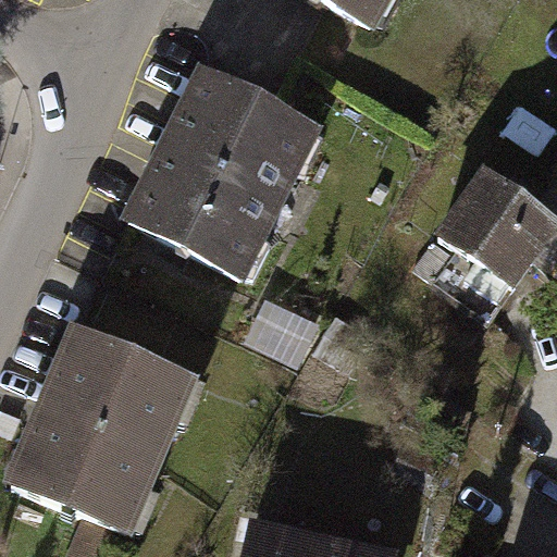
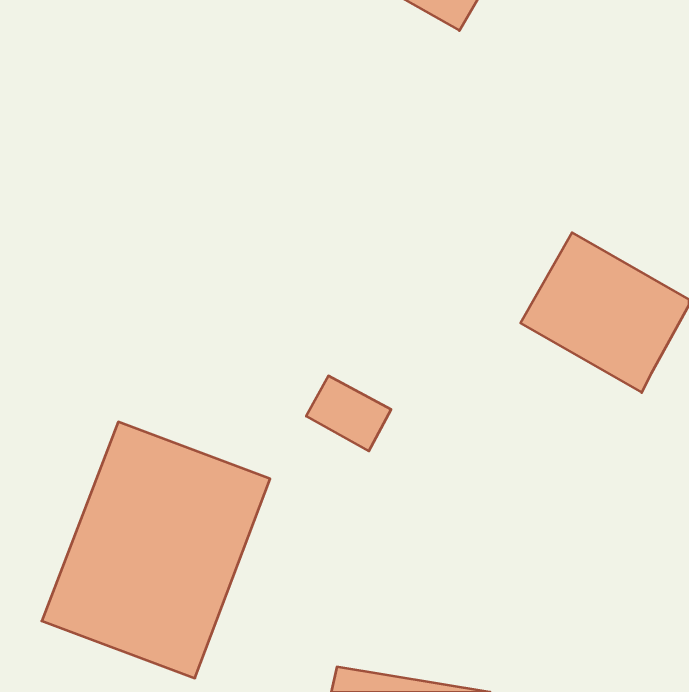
building: [154,72,338,260] -> none

